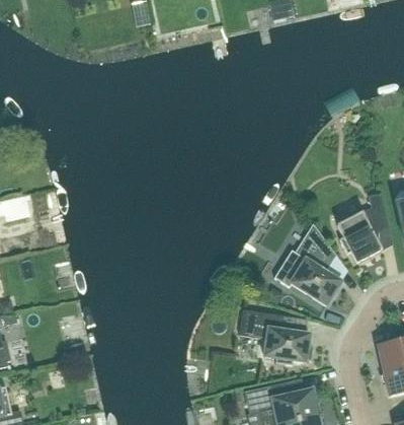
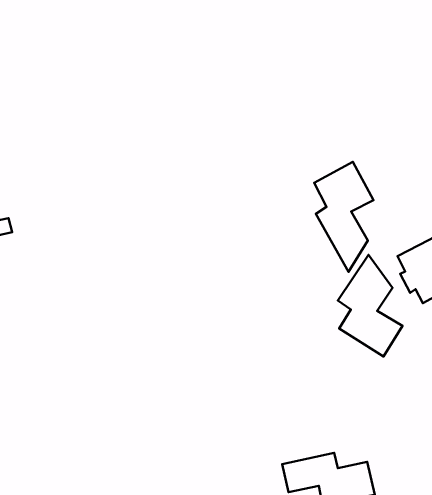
building: none -> [314,162,373,272]
building: [239,310,313,365] -> none

